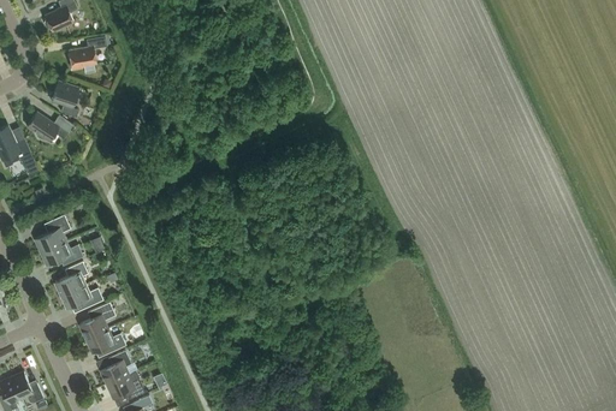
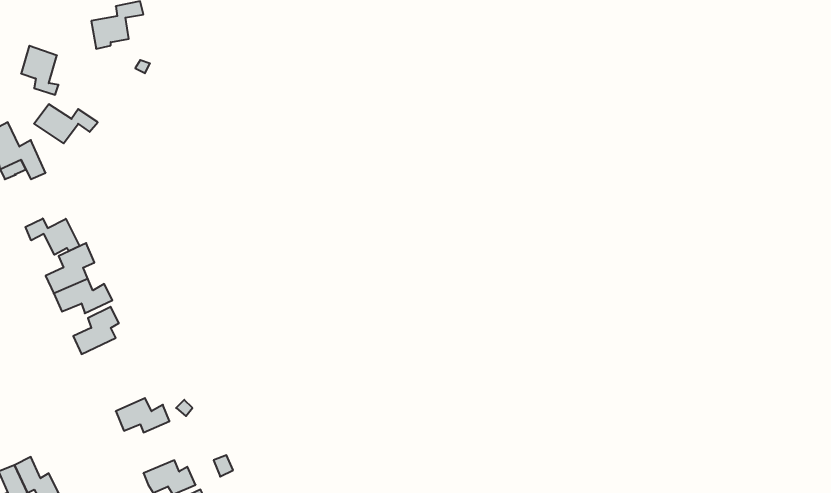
building: [51,81,78,117] -> [21,46,59,95]
building: none -> [25,218,79,255]
building: [60,284,102,309] -> none
building: [78,303,116,338] -> none
building: [100,351,131,383] -> none

